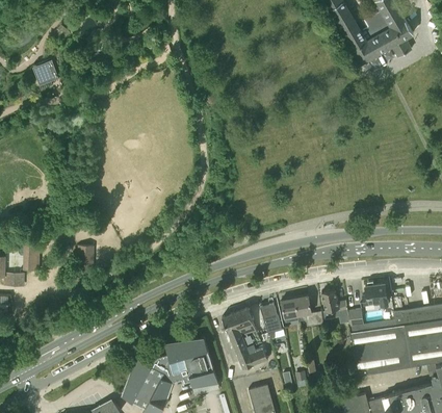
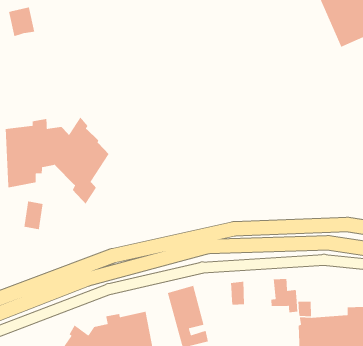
building: none -> [5,115,110,205]
building: [362,283,389,307] -> none
building: [293,295,322,327] -> none
building: [259,303,281,334] -> none

